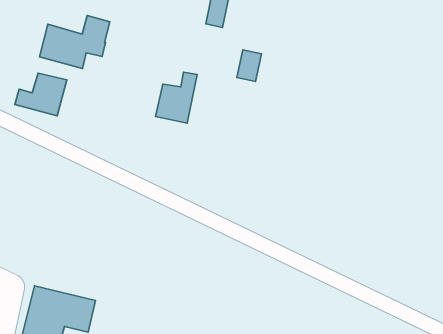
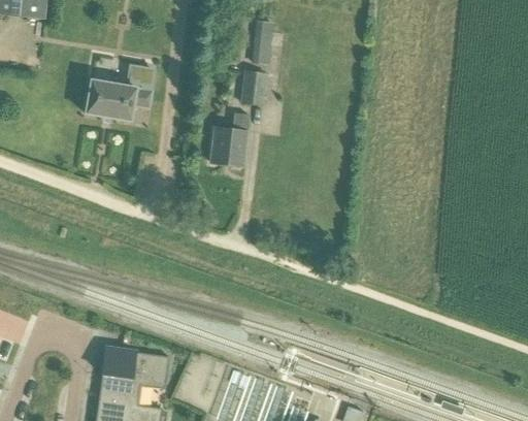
building: [237,50,262,82] -> [241,73,264,104]
building: [15,73,67,116] -> none

